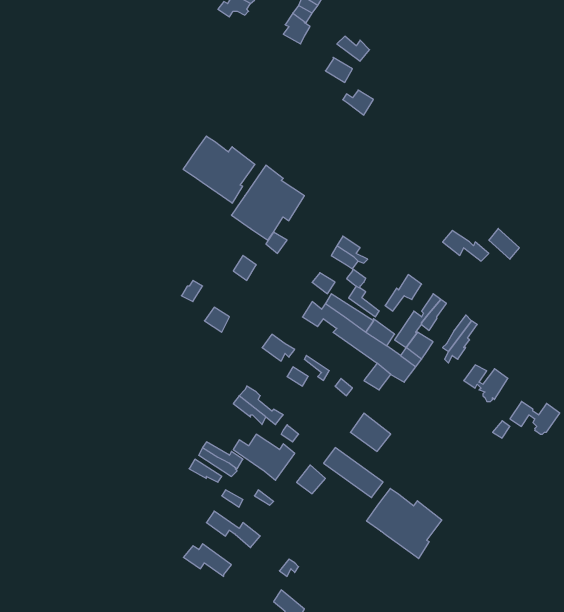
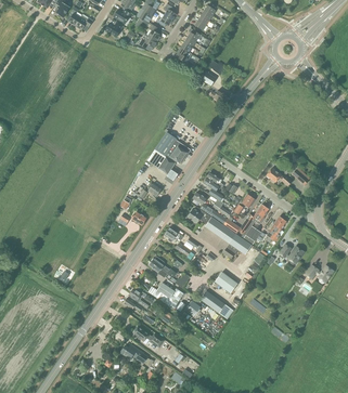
building: [183,136,255,203] -> none
building: [367,488,442,559] -> none

